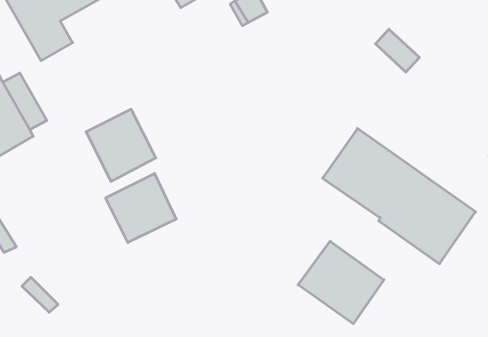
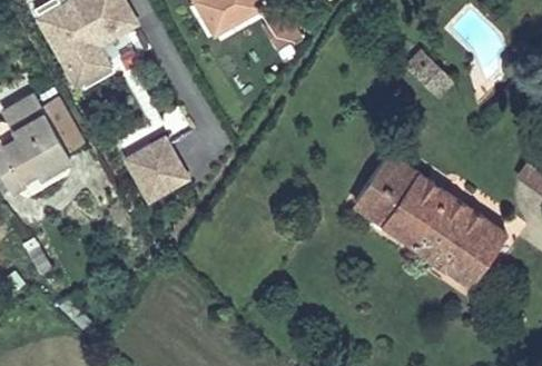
building: [106,173,176,243] -> none
building: [298,241,384,324] -> none

